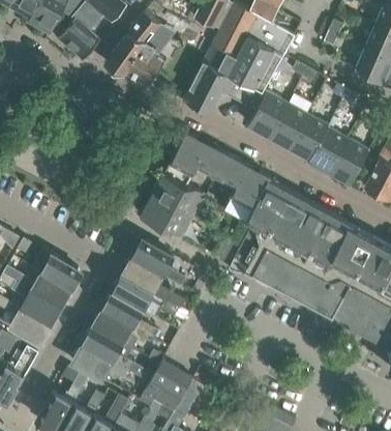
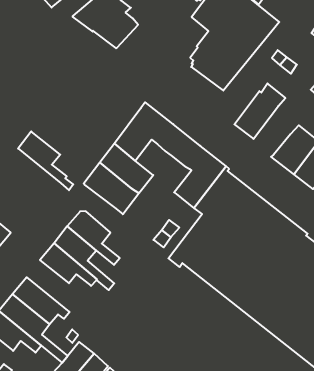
building: [182,46,230,112] -> none
building: [246,92,285,138] -> none
building: [288,114,328,160] -> none
building: [102,292,158,340] -> [18,131,73,190]

